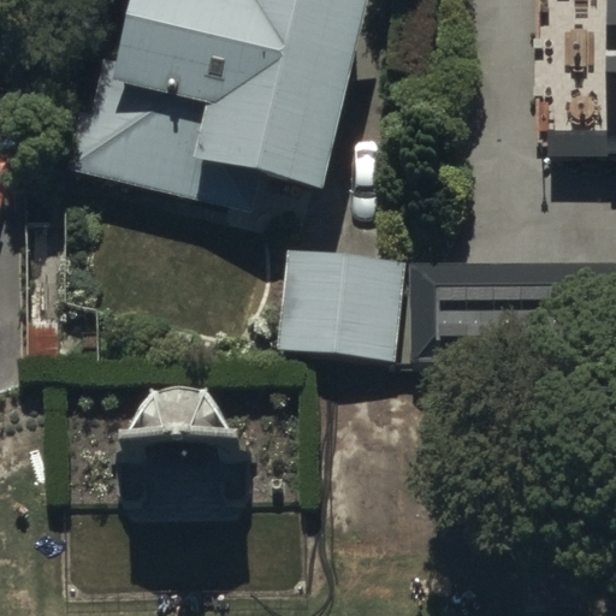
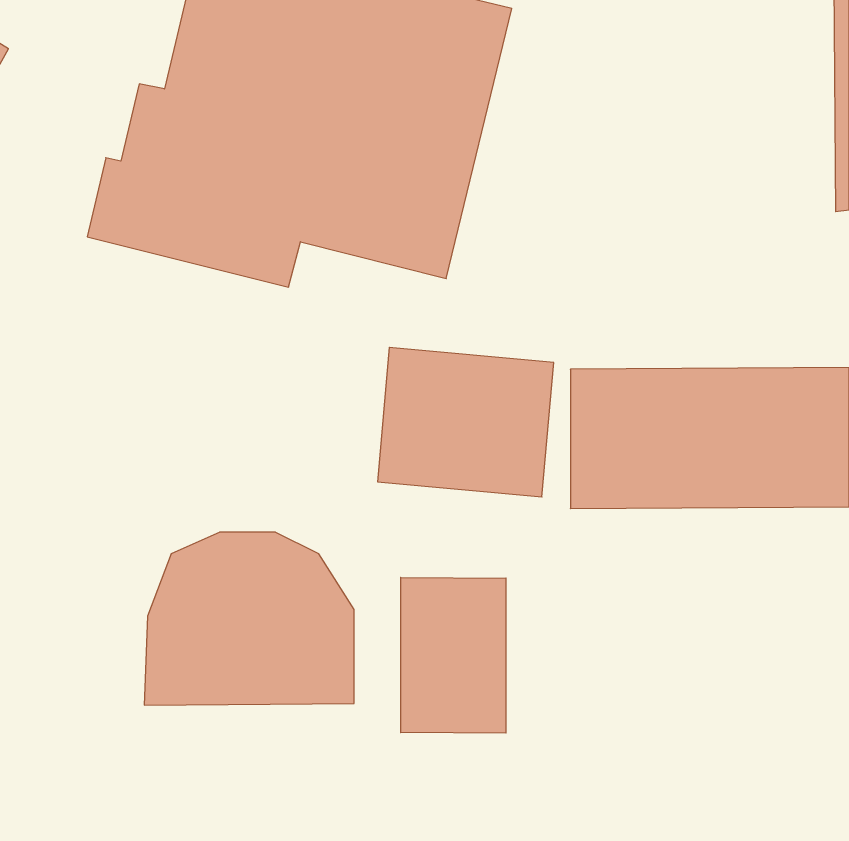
building: none -> [401,577,506,733]

